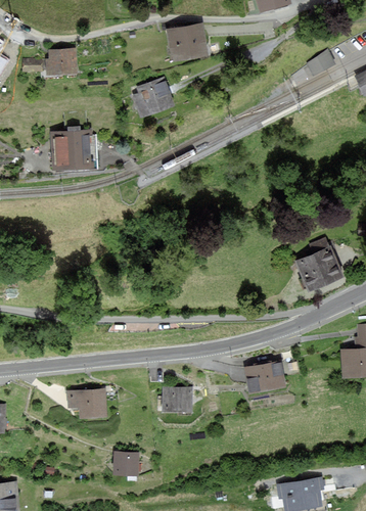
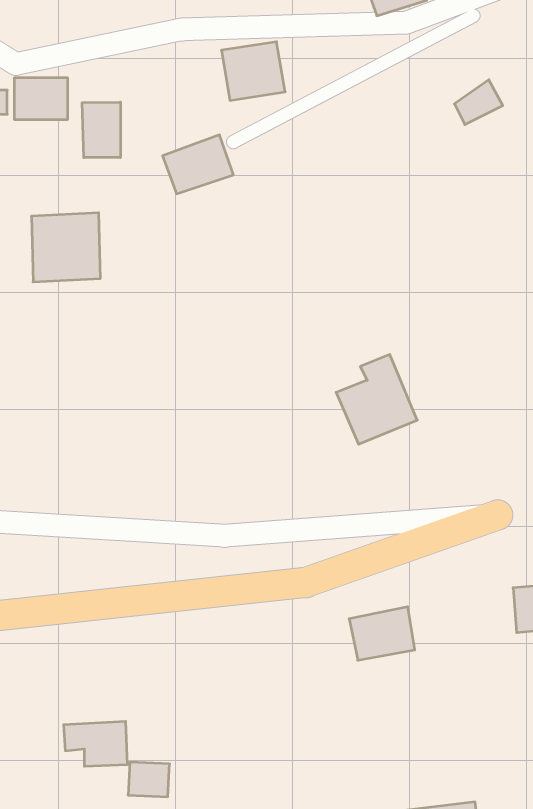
building: none -> [82,102,120,158]
building: [294,237,342,290] -> [336,354,417,444]
building: [163,388,190,411] -> none
building: [67,389,105,416] -> [64,721,127,766]

